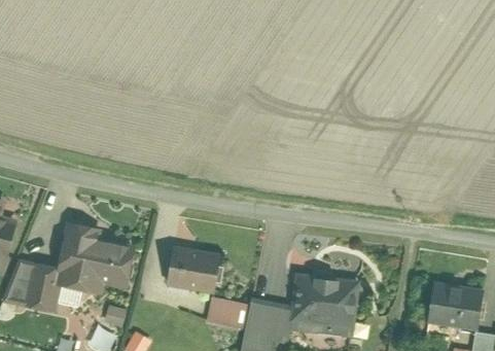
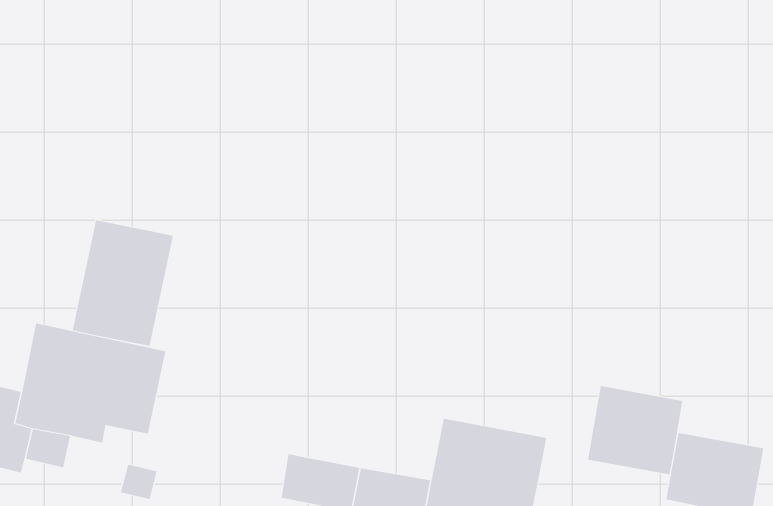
building: none -> [72,220,174,347]
building: [166,248,220,297] -> none
building: none -> [588,385,683,475]

